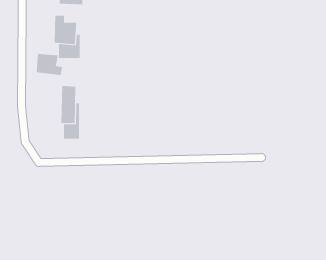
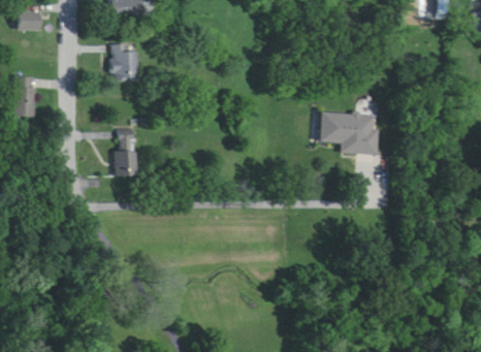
building: [36,53,63,76] -> none
building: none -> [318,110,379,154]

